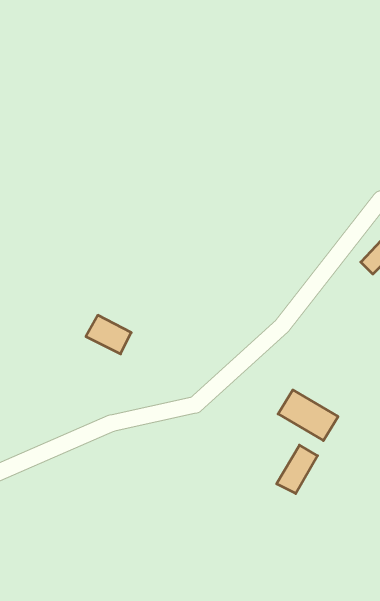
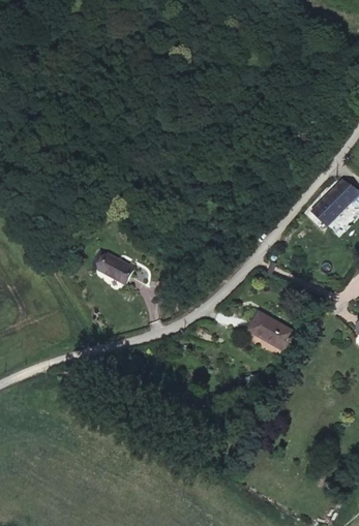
building: [277,445,318,494] -> none

